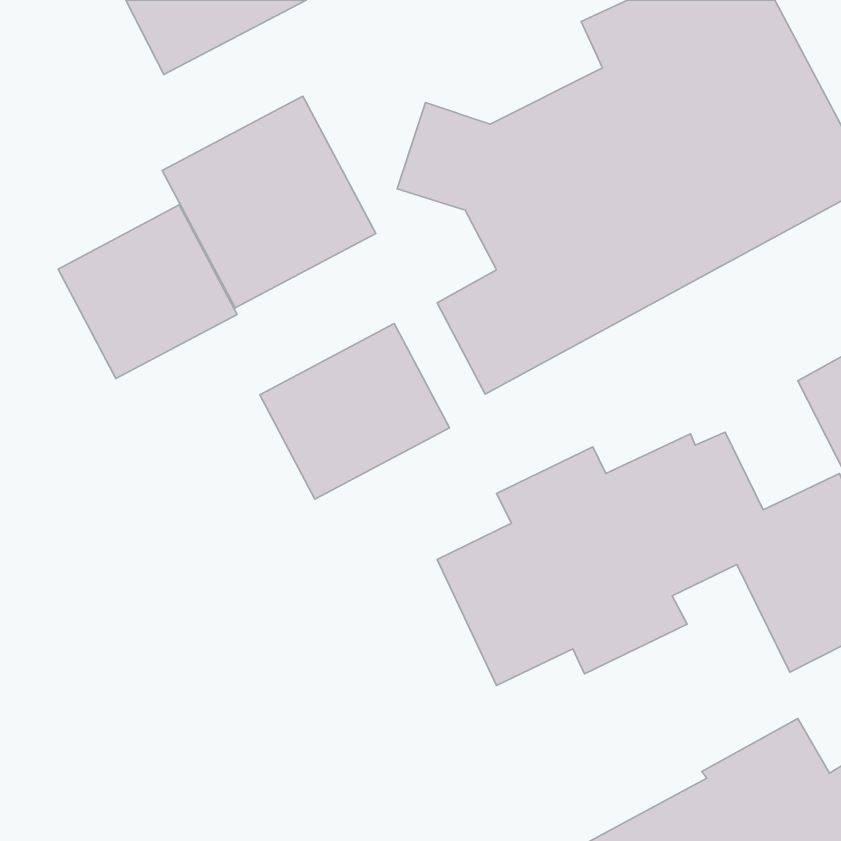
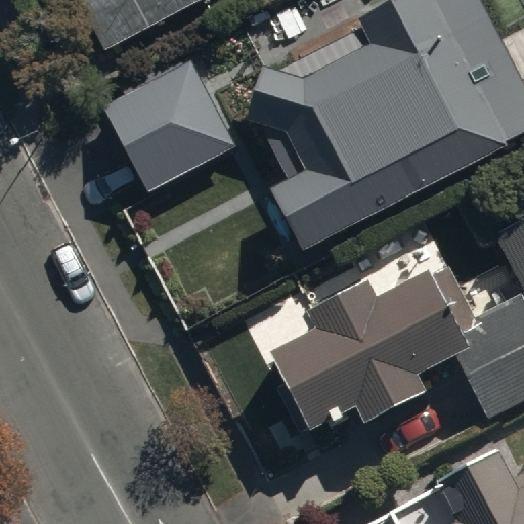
building: [58,205,237,379] -> none
building: [260,324,449,499] -> none

